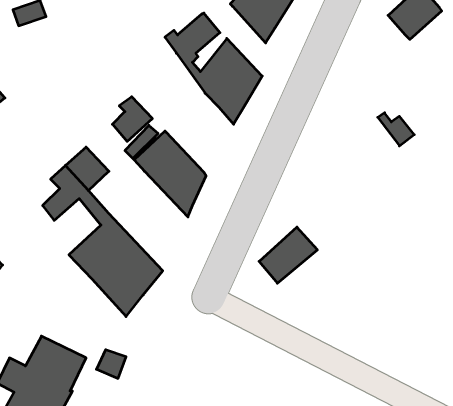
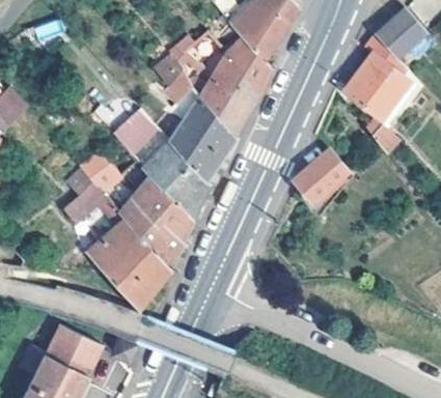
building: none -> [225,27,272,90]
building: none -> [346,35,410,117]
building: none -> [164,69,238,177]
building: none -> [122,176,194,266]
building: [259,227,317,283] -> [295,148,348,199]

